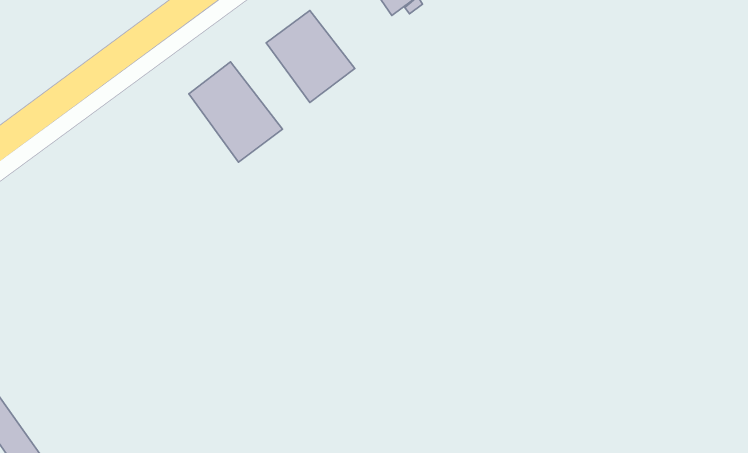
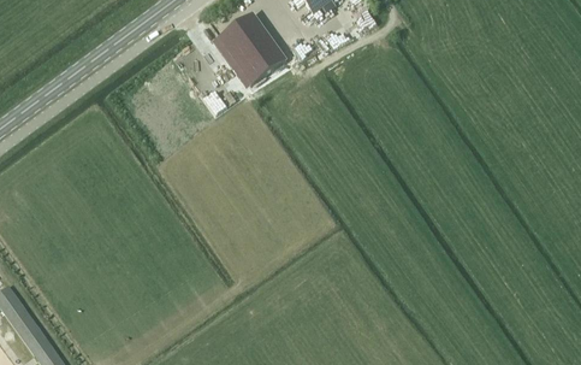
building: [189,62,282,162] -> none

